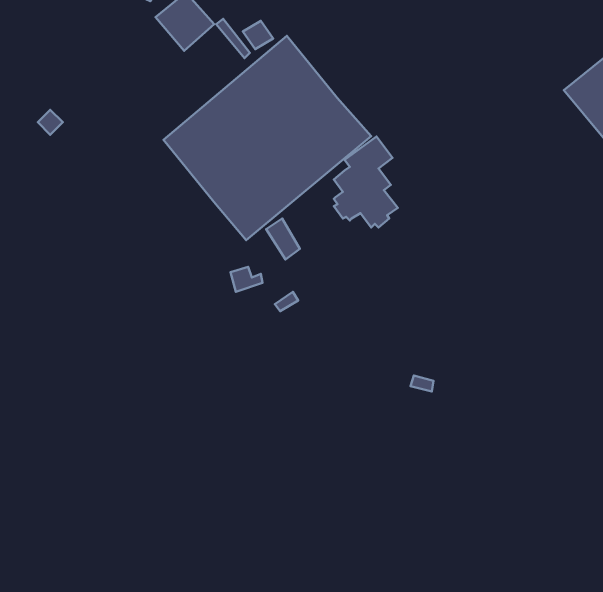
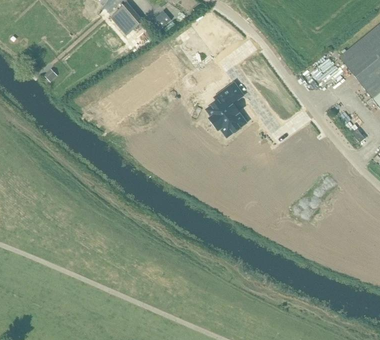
building: [164,36,371,240] -> none

